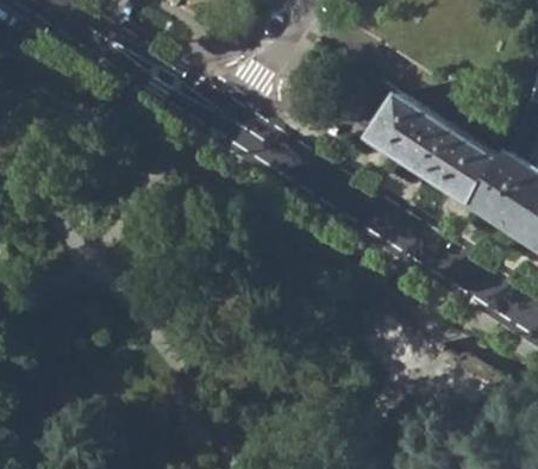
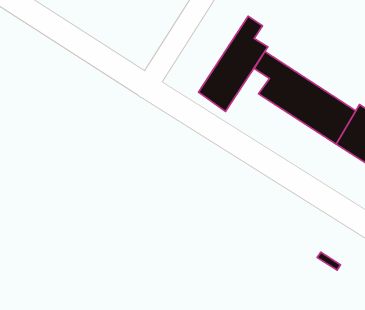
building: none -> [198,16,268,112]

